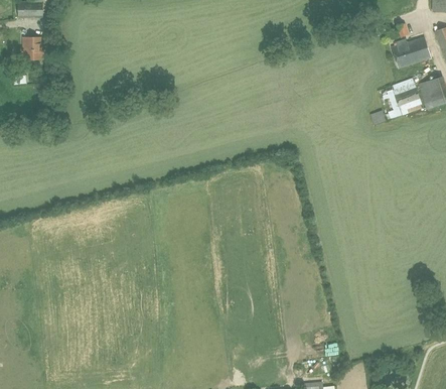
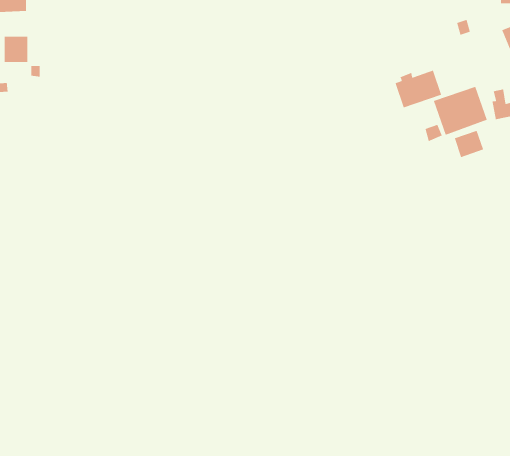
building: [392,35,431,68] -> [395,70,442,109]
building: none -> [454,130,484,158]

